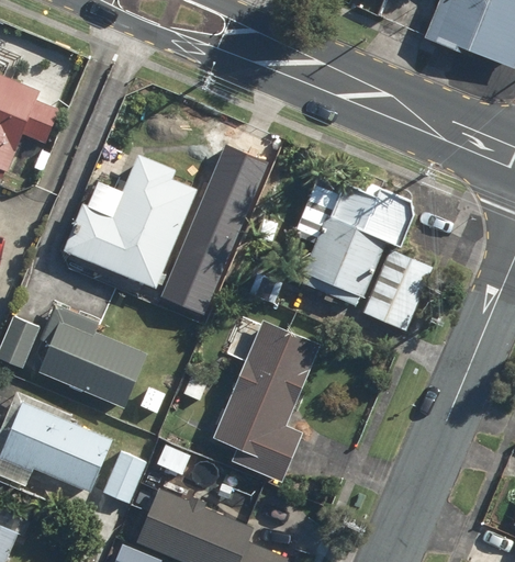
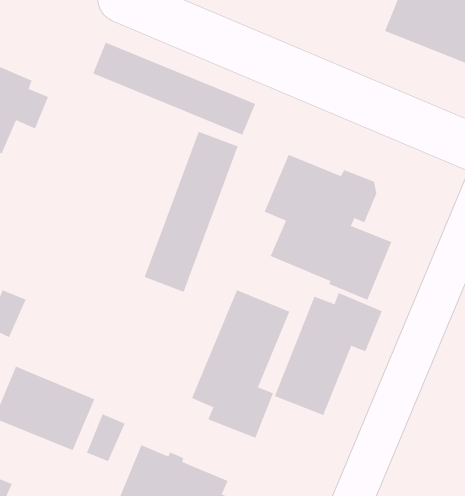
building: none -> [92,42,256,136]
building: [63,154,198,289] -> none
building: [37,303,148,407] -> none
building: none -> [274,292,383,416]

